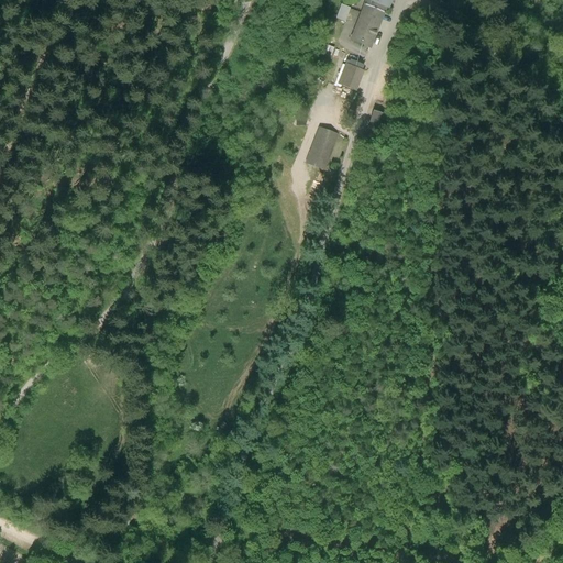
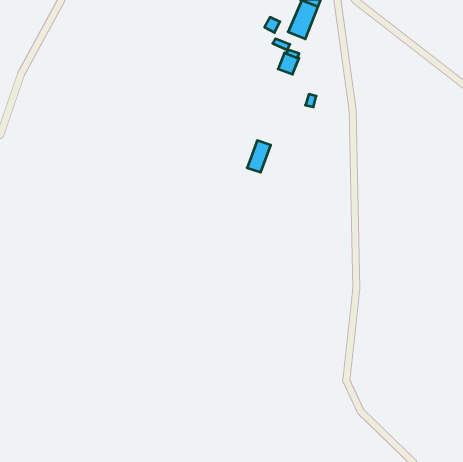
building: [307,129,335,167] -> [247,141,271,172]

